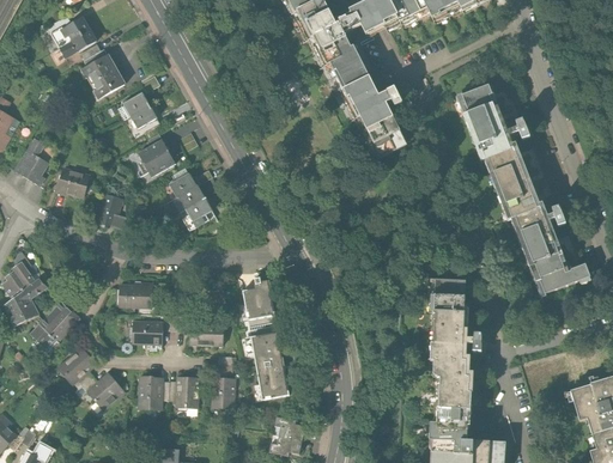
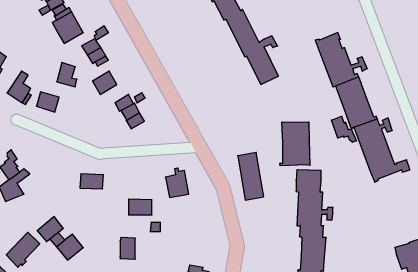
building: [96,193,125,227] -> [57,63,77,87]
building: none -> [331,116,356,142]
building: none -> [280,122,310,166]
building: [31,300,79,351] -> [6,232,40,267]
building: [133,322,162,343] -> none
building: [251,330,289,398] -> [238,152,264,200]
building: [138,376,163,408] -> none
building: [212,377,236,404] -> none

